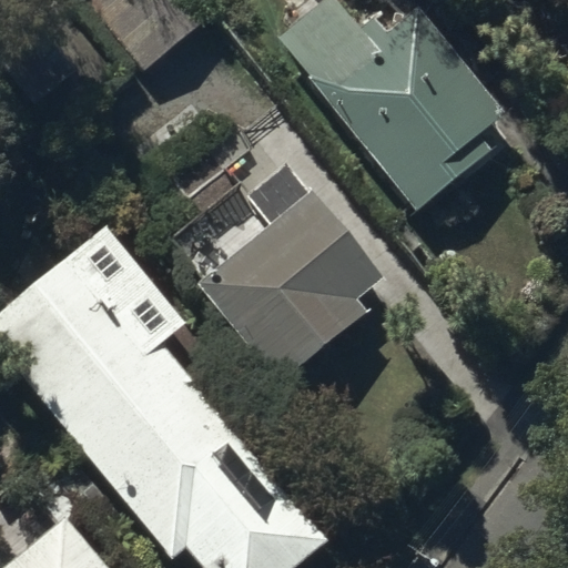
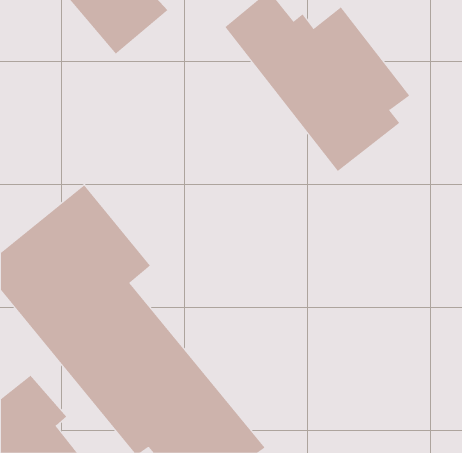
building: [195,162,381,384] -> none

